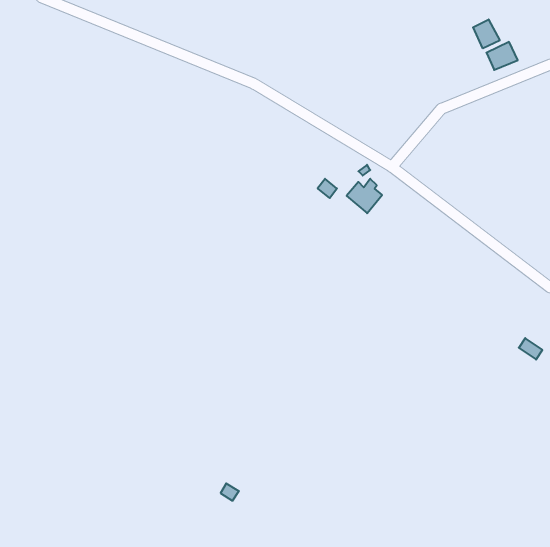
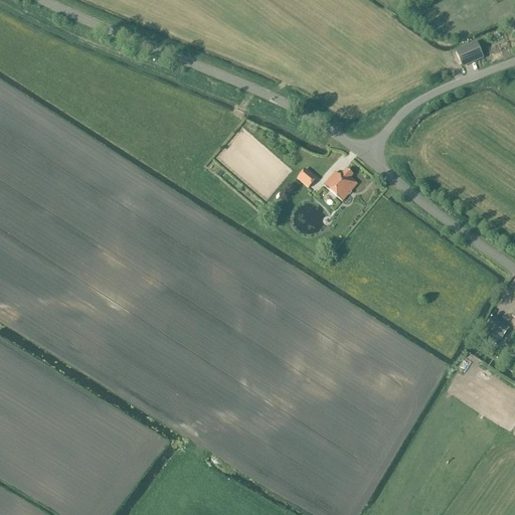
building: [473,19,500,48] -> none

